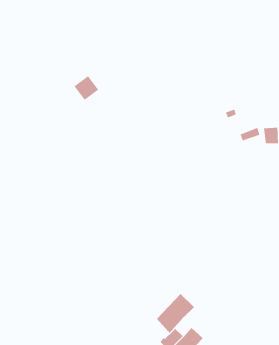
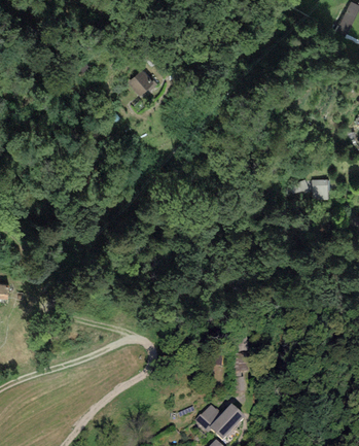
building: [73,75,99,101] -> [125,68,154,97]
building: [156,293,195,334] -> none

